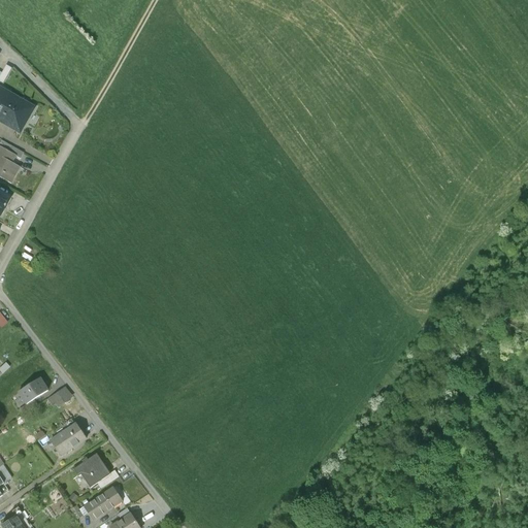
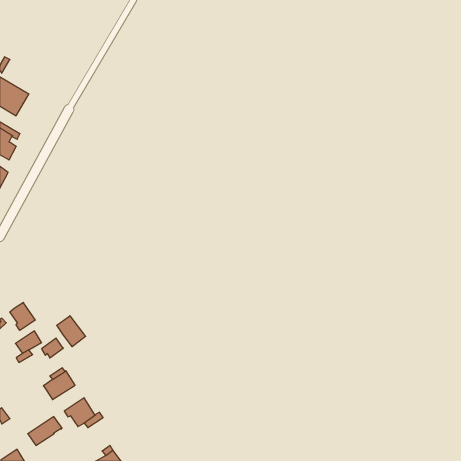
building: none -> [10,302,35,330]
building: none -> [57,316,86,347]
building: [82,488,122,521] -> [28,417,62,445]

